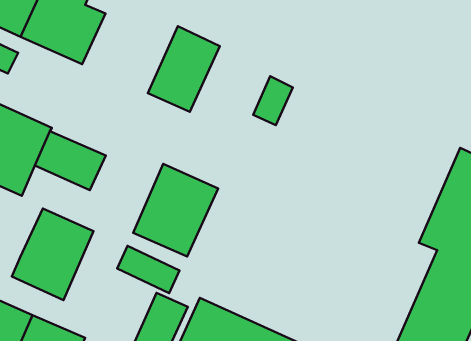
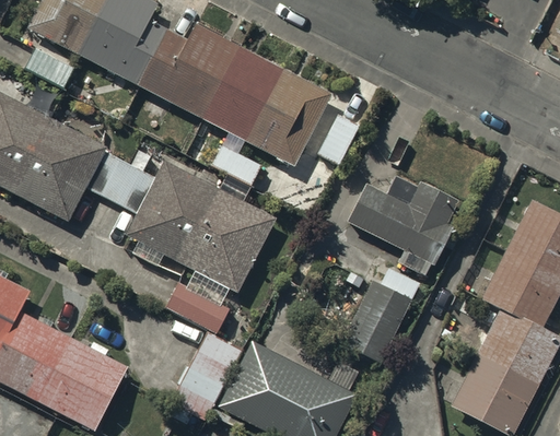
building: none -> [143,31,245,123]
building: none -> [253,79,330,168]
building: none -> [350,172,455,269]
building: [12,209,94,300] -> [135,172,222,268]
building: none -> [341,264,419,360]

